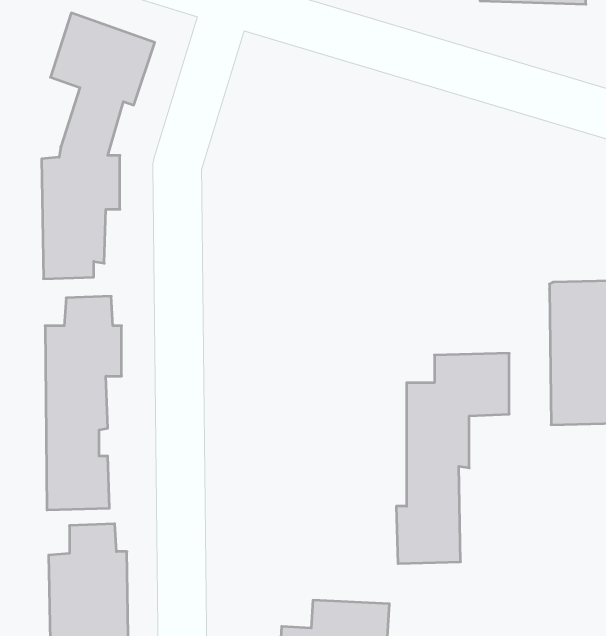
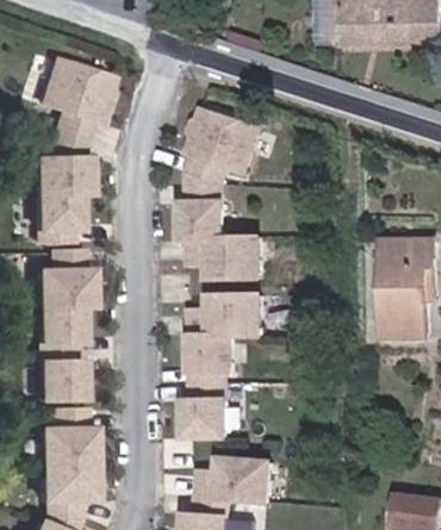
building: none -> [185,105,263,279]
building: [396,353,509,564] -> [186,294,263,438]

